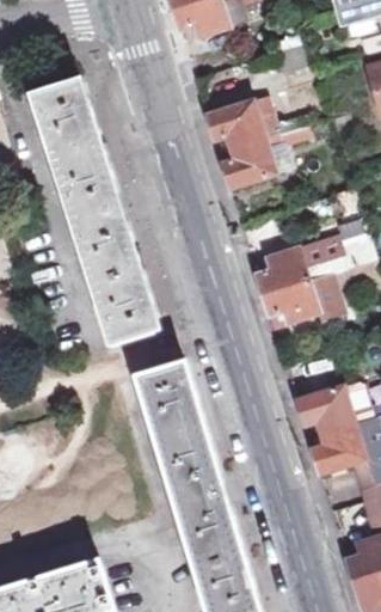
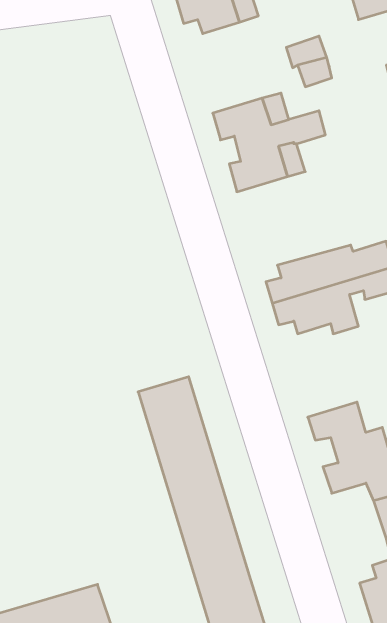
building: [32,76,158,344] -> none

